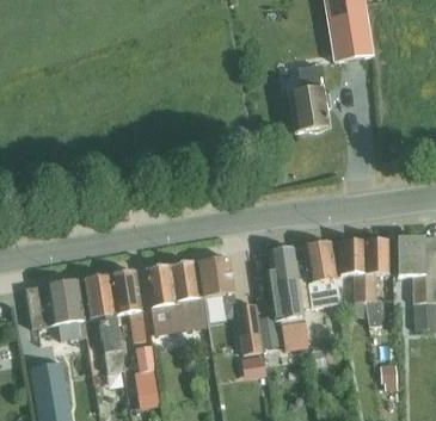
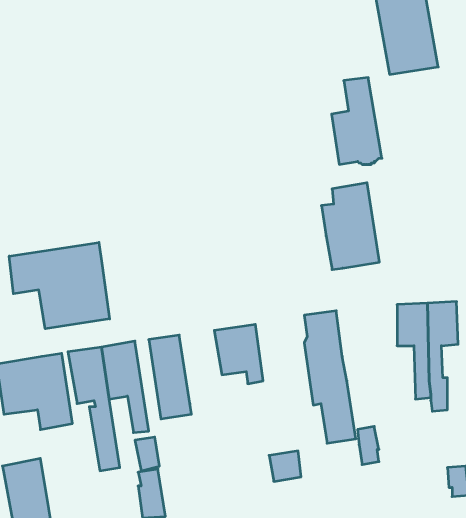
building: none -> [9,242,110,329]
building: [294,241,339,309] -> [321,183,379,270]
building: [170,262,207,328] -> none
building: [235,305,262,355] -> none

